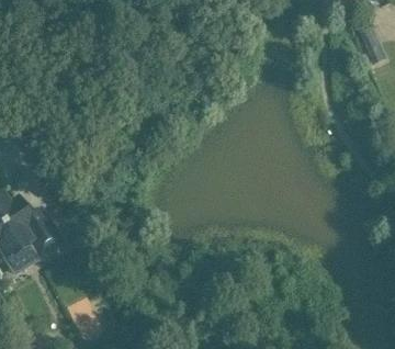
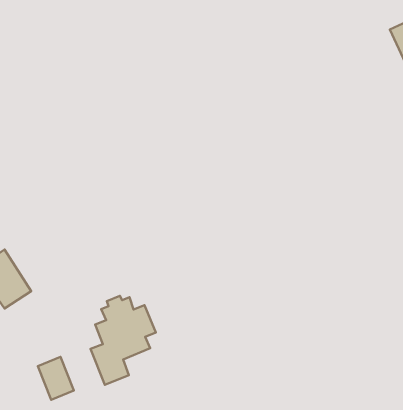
building: none -> [91,296,156,385]

